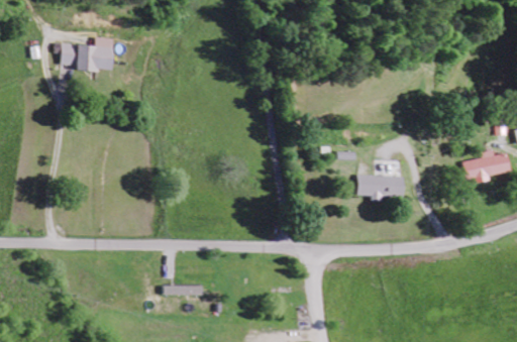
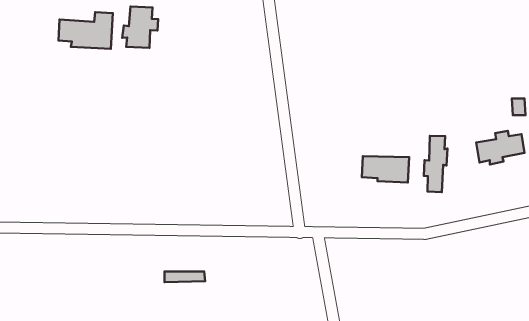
building: none -> [122,6,158,48]
building: none -> [424,136,448,192]

